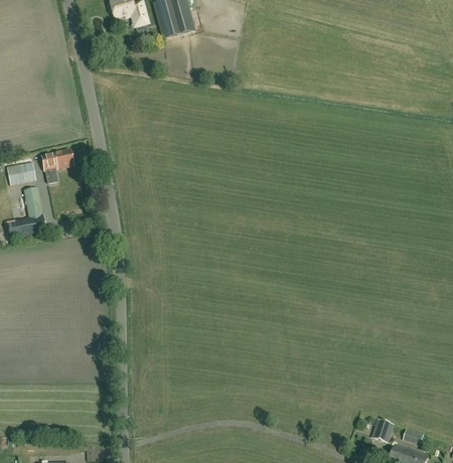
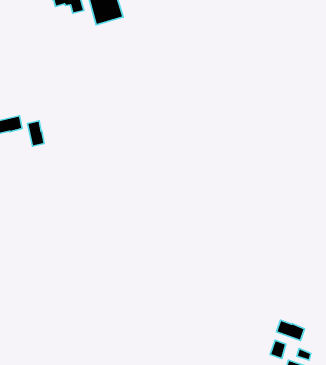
building: none -> [28,121,44,146]
building: none -> [277,320,304,340]

